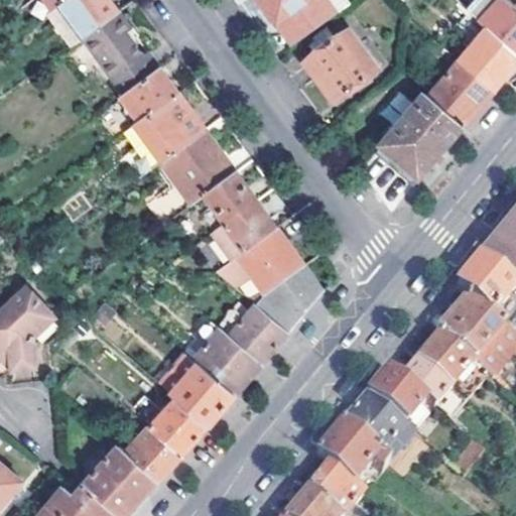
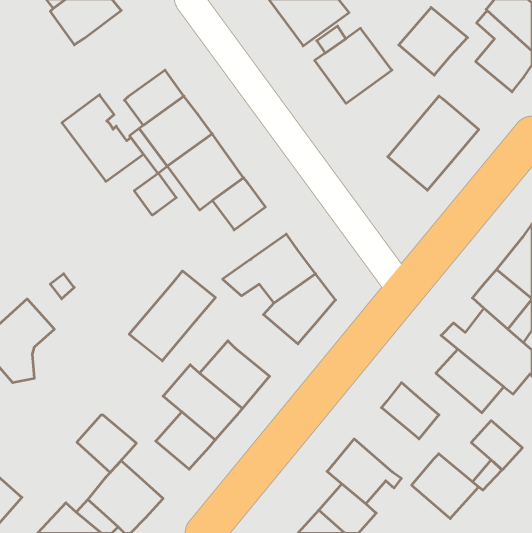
building: [81,10,159,94] -> [62,95,143,181]
building: [427,59,494,125] -> [399,7,468,75]
building: none -> [134,173,176,215]
building: [224,200,276,250] -> none
building: none -> [129,271,215,361]
building: [227,303,287,363] -> none
building: [401,360,450,407] -> [471,421,522,470]
building: [342,393,406,456] -> [412,454,479,519]
building: [125,425,182,481] -> [77,415,136,473]

